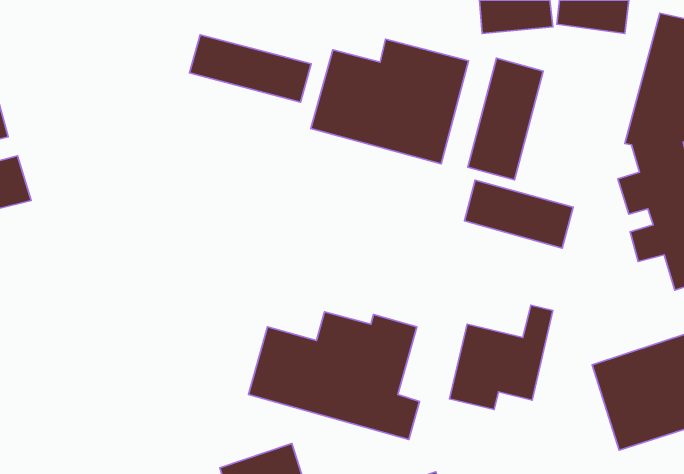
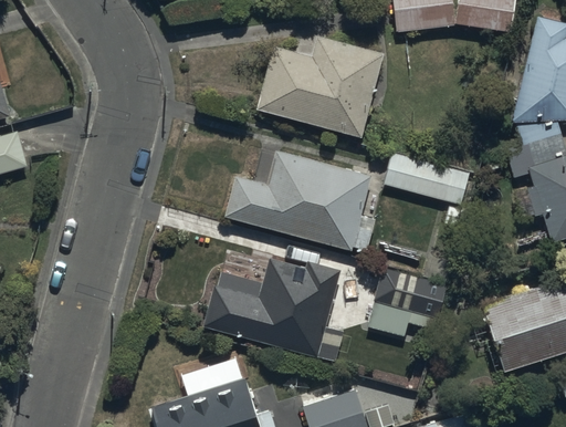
building: [189,35,311,102] -> none
building: [468,58,543,180] -> none
building: none -> [223,147,376,251]

